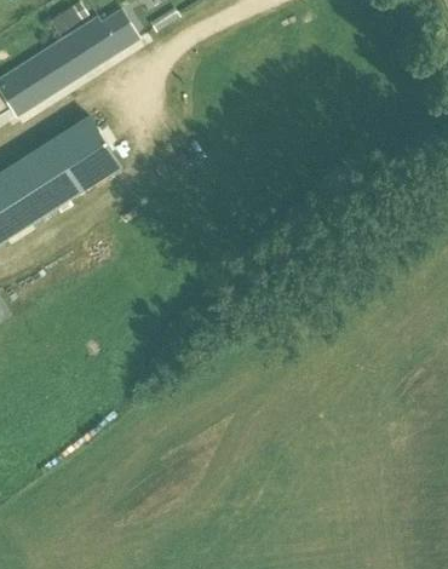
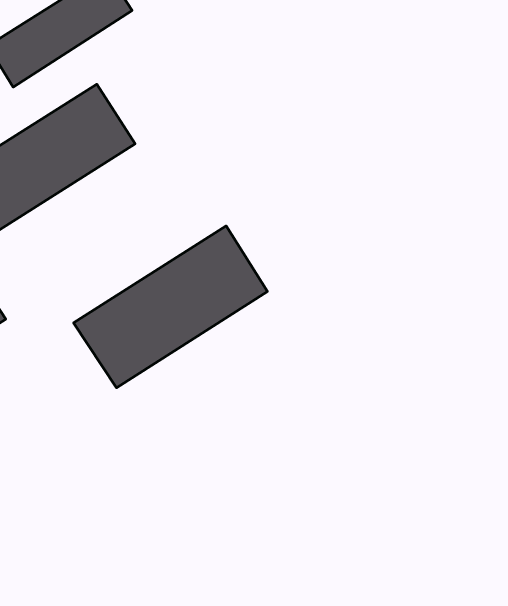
building: none -> [73,226,267,388]

